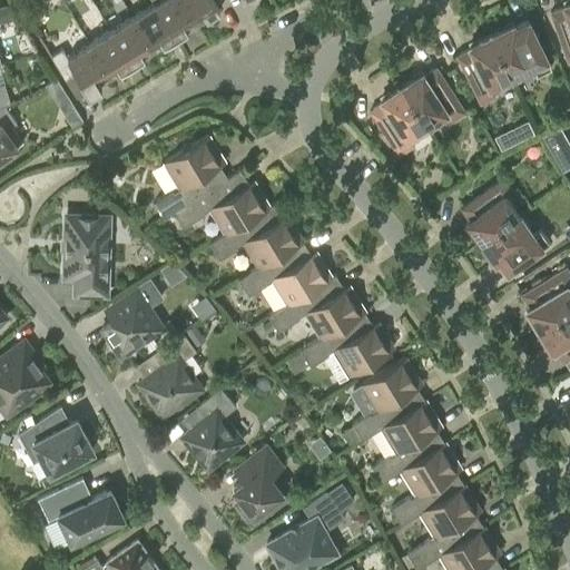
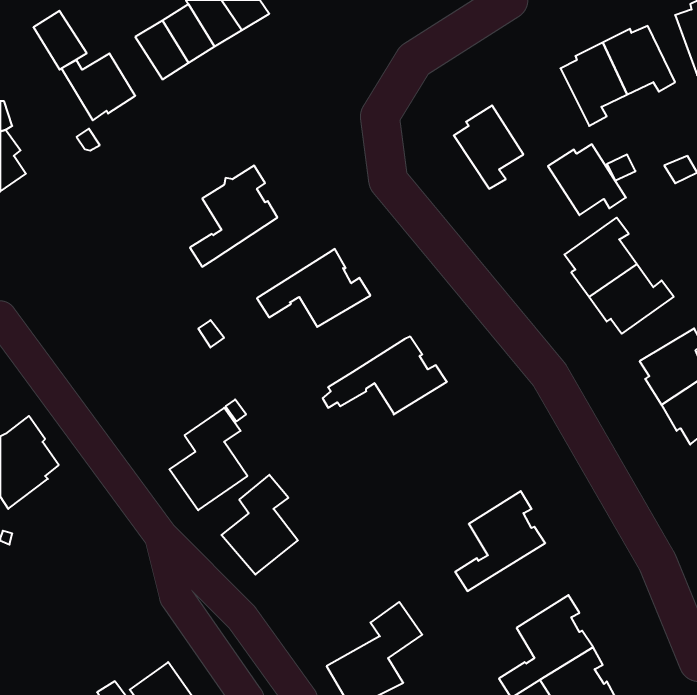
building: [90,33,134,81] -> [33,11,87,70]
building: [402,71,465,129] -> [548,144,626,215]
building: [175,171,268,246] -> none
building: [66,217,108,296] -> none
building: [239,244,331,306] -> none
building: [102,282,163,358] -> none
building: [286,314,394,379] -> none
building: [342,361,425,448] -> none
building: [19,409,94,474] -> none
building: [392,445,464,527] -> none
building: [234,446,287,521] -> none
building: [48,487,125,546] -> none

